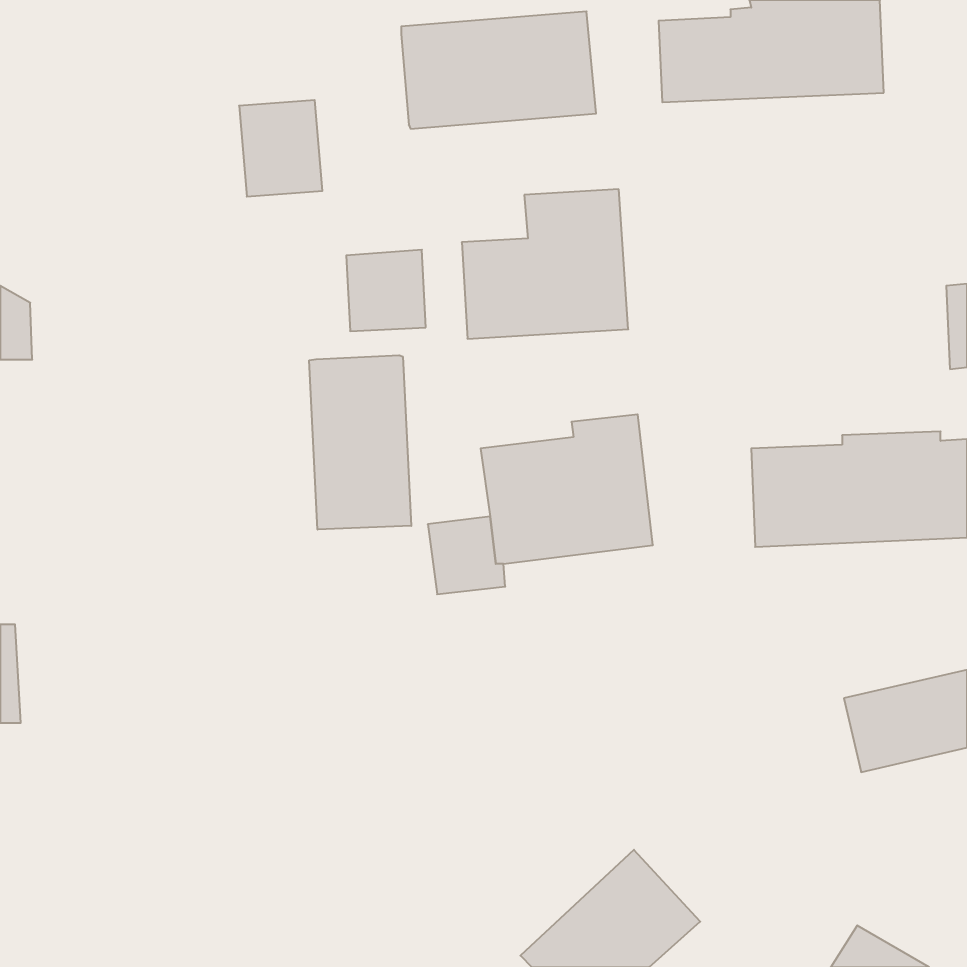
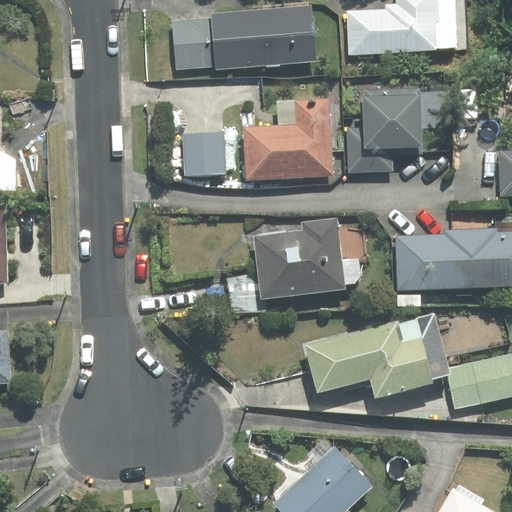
building: [239,100,322,197] -> [172,18,216,69]
building: none -> [348,88,422,172]
building: [309,355,411,530] -> none
building: none -> [305,315,445,397]

